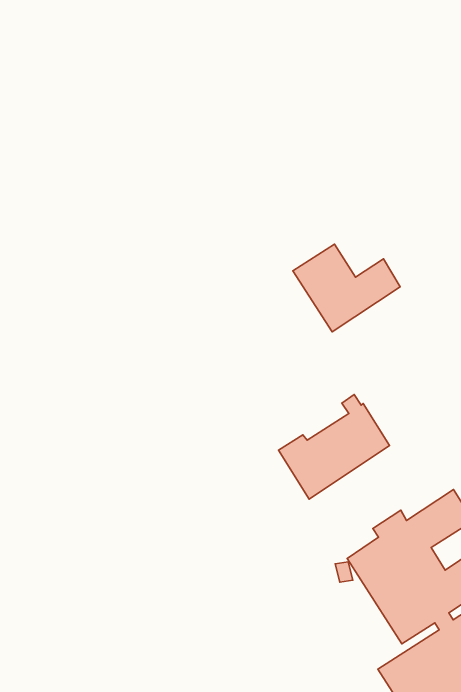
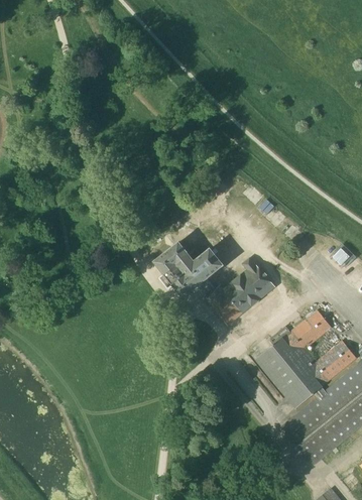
building: [293,244,400,332] -> [154,243,222,297]

